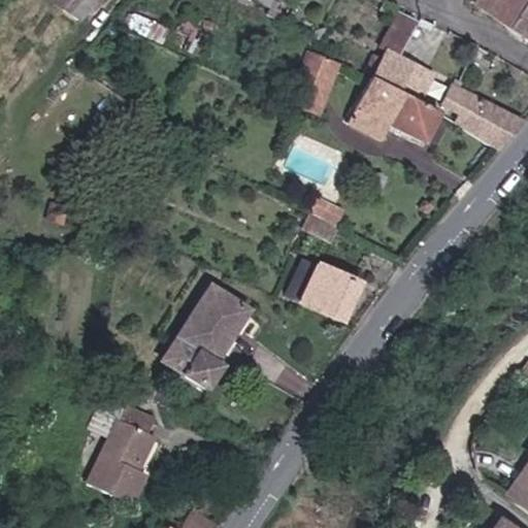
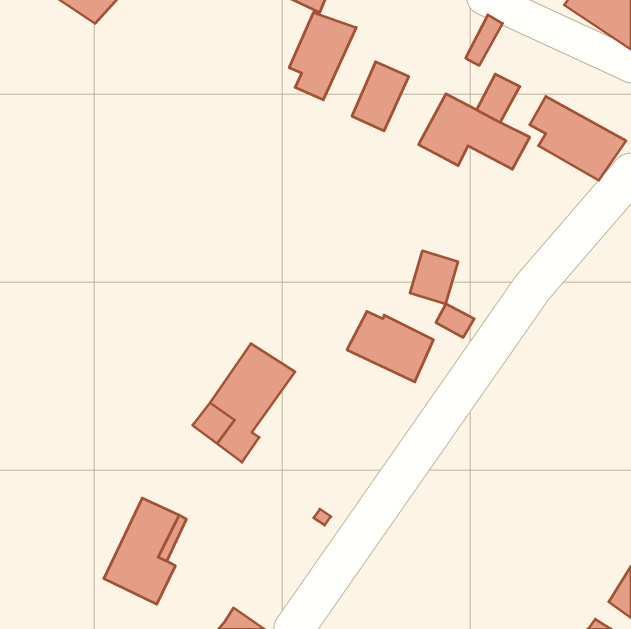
building: none -> [289,12,356,100]
building: [372,48,414,92] -> none
building: [302,193,342,237] -> [410,251,458,304]

